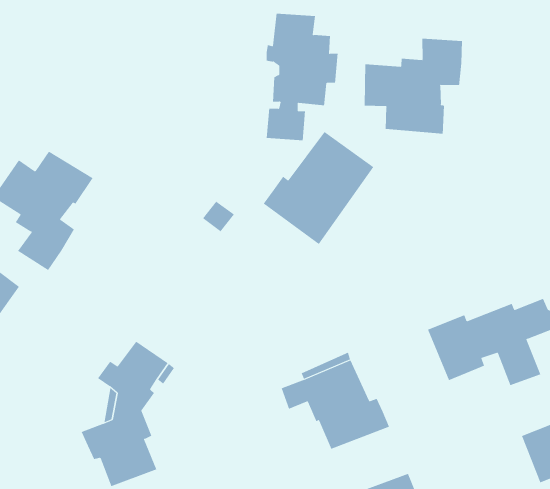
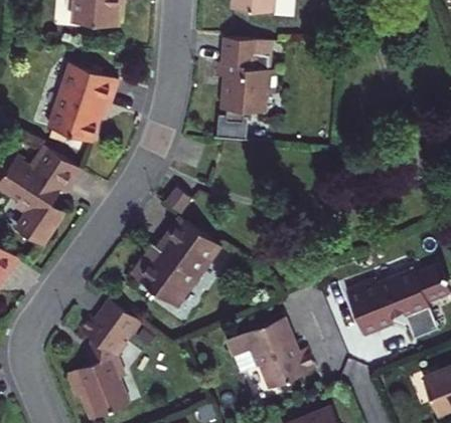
building: [364,38,463,134] -> none
building: none -> [47,65,118,145]
building: [263,131,374,245] -> [131,217,220,308]

